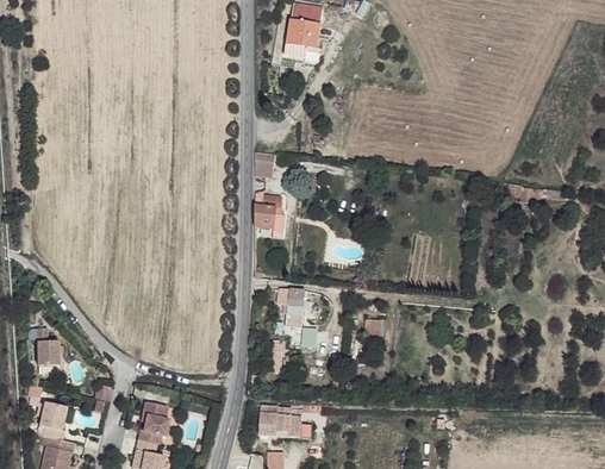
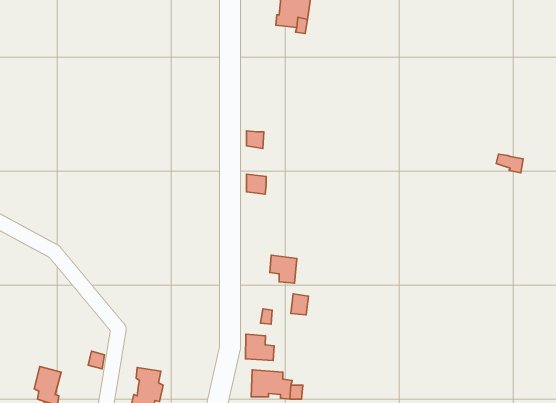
building: [38,330,60,367] -> none
building: none -> [246,334,274,361]

